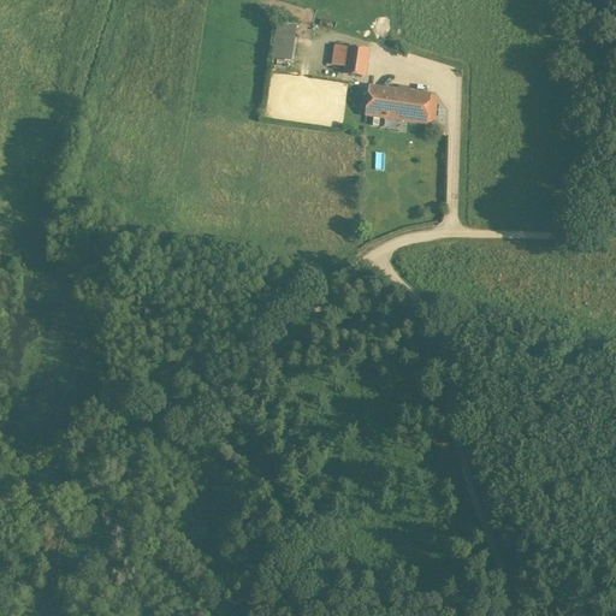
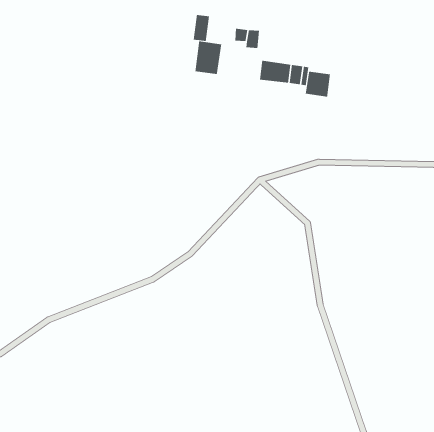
building: none -> [195,41,222,75]
building: none -> [305,71,330,97]

